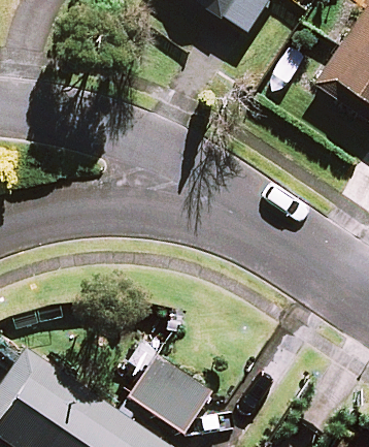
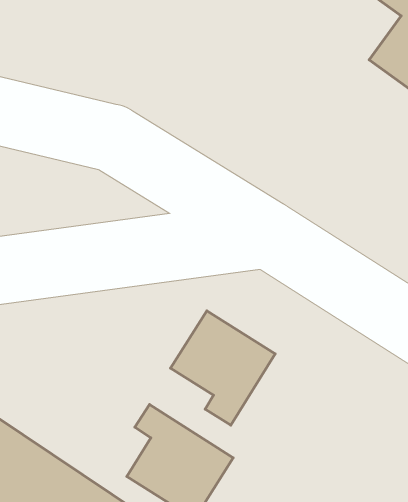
building: none -> [171,311,275,425]

